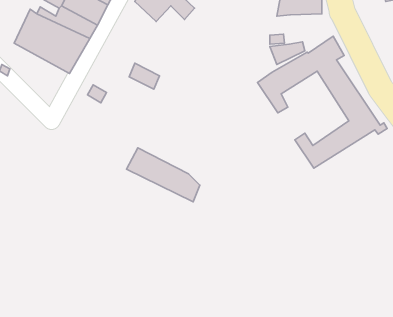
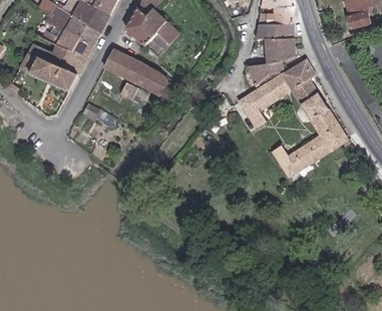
building: none -> [265,39,296,66]
building: [127,148,200,202] -> [104,48,169,96]

